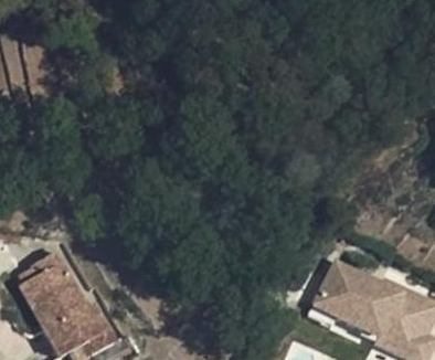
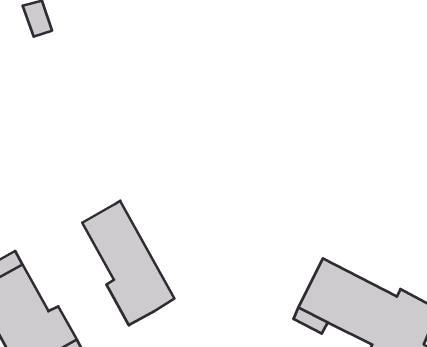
building: none -> [82,201,174,325]

